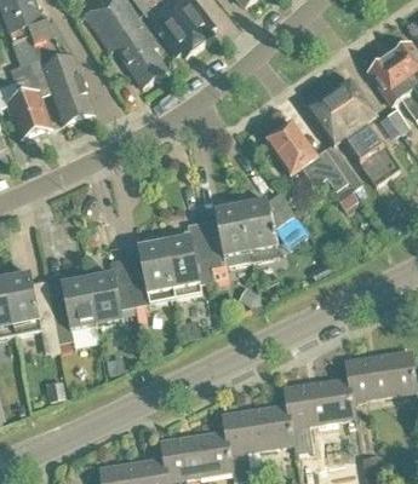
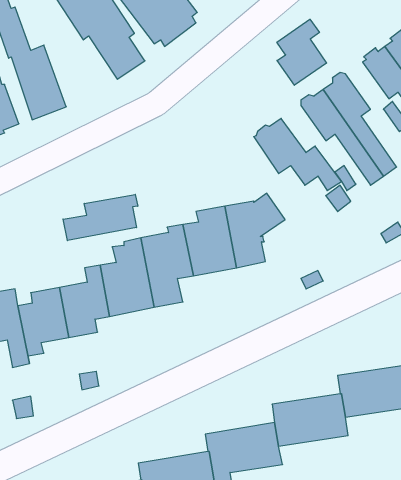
building: none -> [277,19,327,85]
building: none -> [63,194,138,241]

